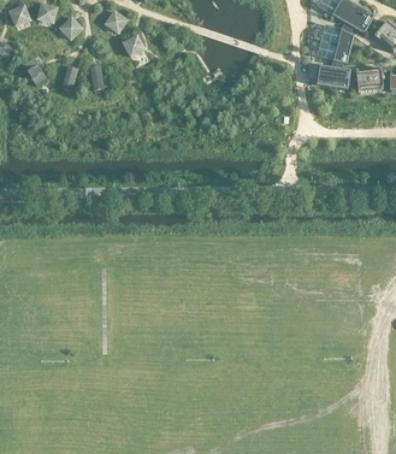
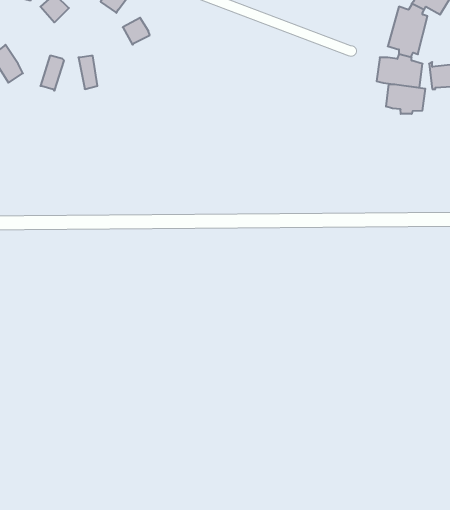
building: none -> [386,84,425,114]

